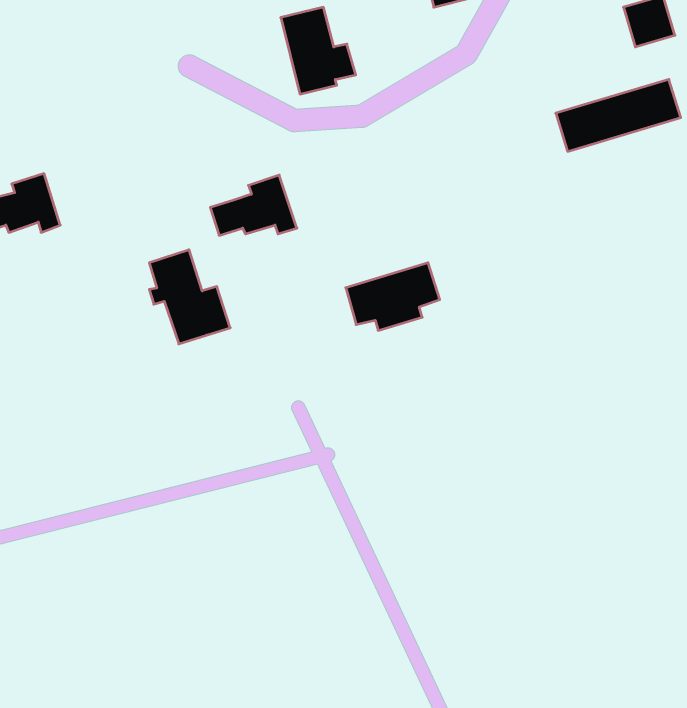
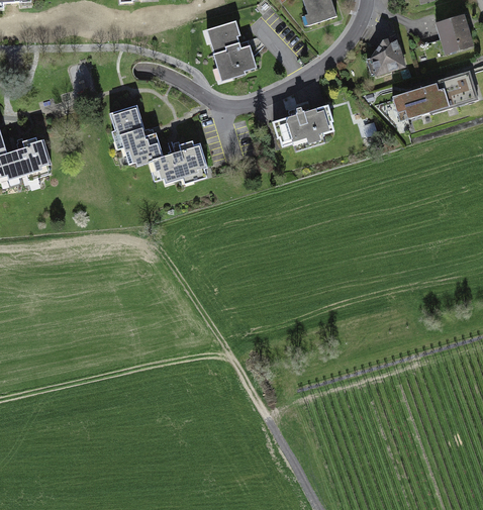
building: none -> [374,37,405,72]
building: [149,250,230,344] -> [114,102,170,167]
building: [346,263,440,330] -> [270,102,334,148]

